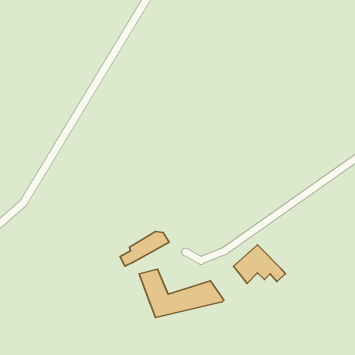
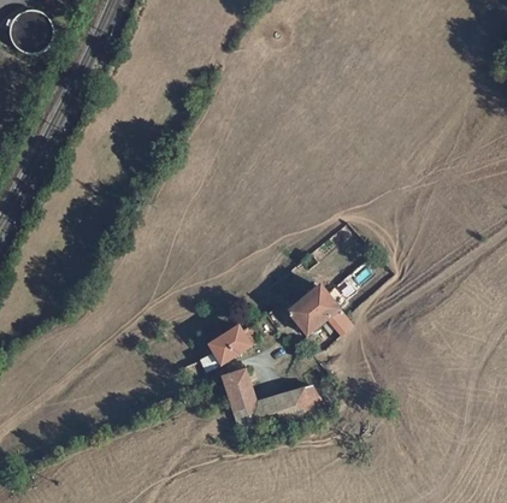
building: [234,245,286,284] -> [288,284,353,332]

